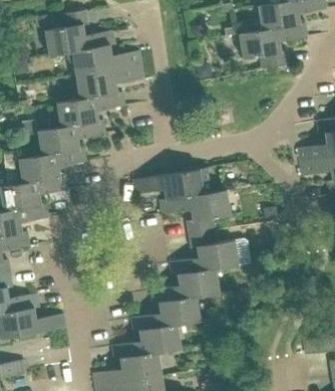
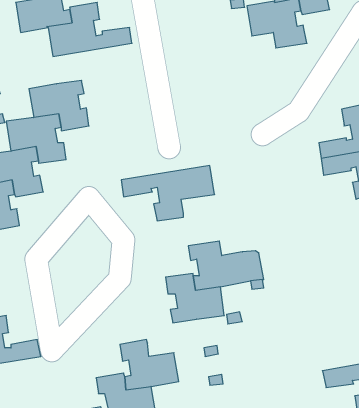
building: [75,65,143,111] -> none
building: [183,190,230,235] -> none
building: [150,286,200,328] -> none

